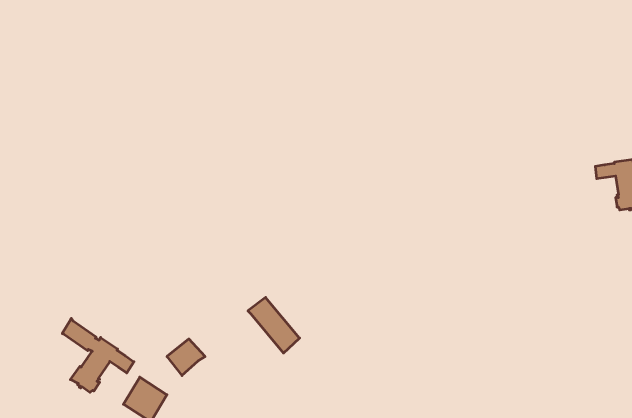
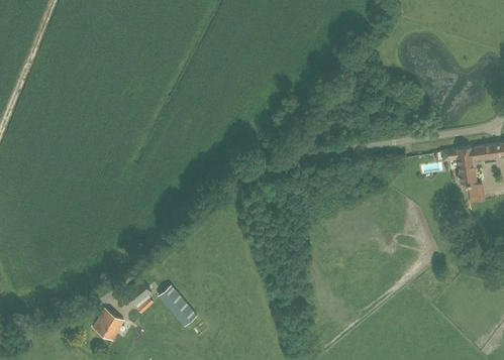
building: [248,297,300,353] -> [159,287,197,329]
building: [62,318,134,392] -> none

